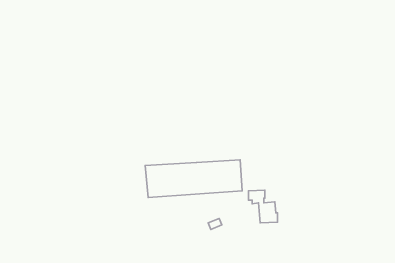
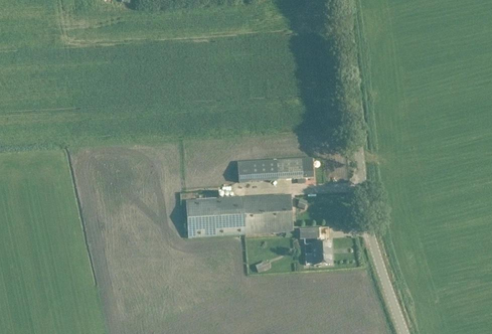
building: none -> [237,157,303,181]

